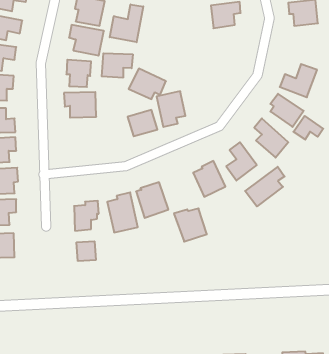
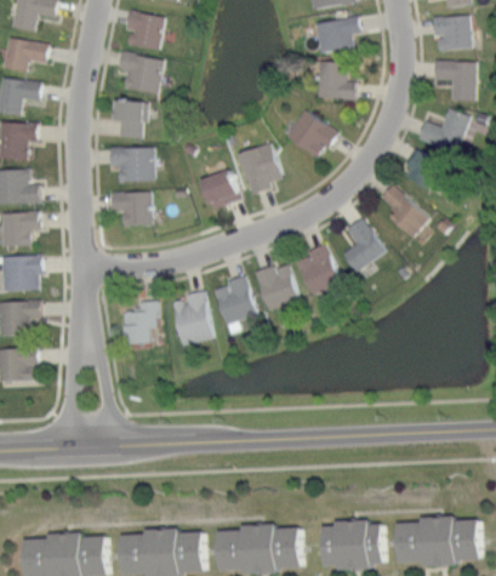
building: [110,4,143,42] -> none
building: none -> [433,58,475,101]
building: none -> [318,62,357,99]
building: [102,53,133,78] -> none
building: [129,69,166,99] -> [286,112,340,155]
building: [293,116,323,140] -> none
building: none -> [110,189,153,226]
building: [245,167,285,206] -> none
building: [174,208,207,242] -> [252,263,300,310]
building: [77,241,96,261] -> none

